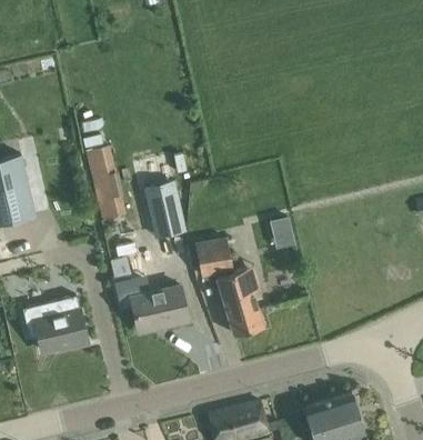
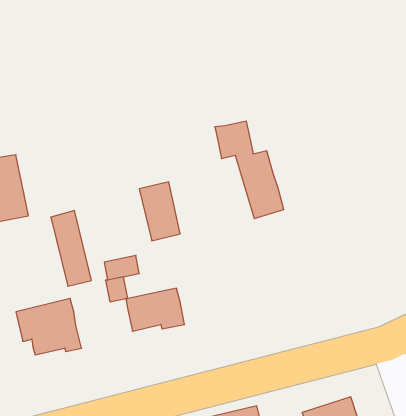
building: [85,147,125,221] -> [51,210,91,286]
building: [270,216,300,250] -> none
building: [195,240,263,336] -> [215,121,284,219]

